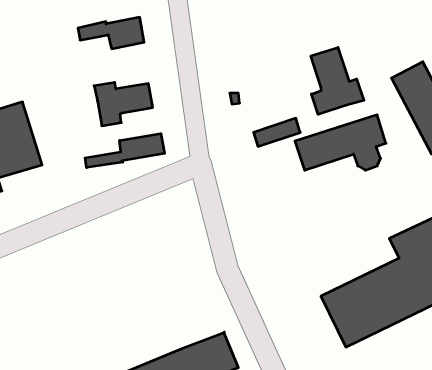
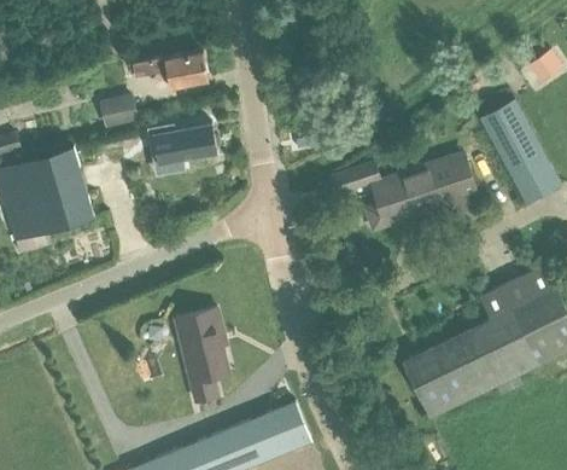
building: [311,47,364,114] -> none
building: none -> [101,93,135,122]
building: [85,134,165,168] -> none
building: none -> [175,308,227,402]

